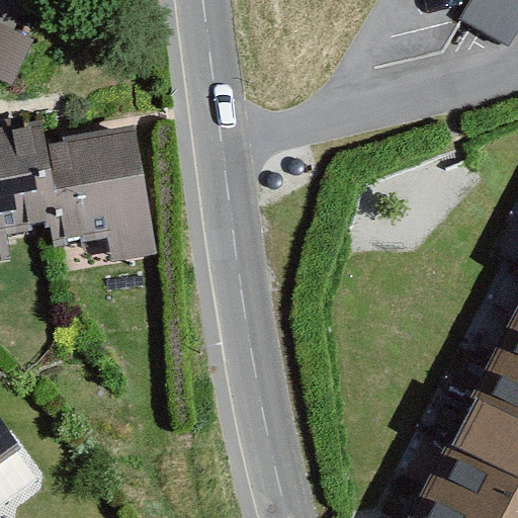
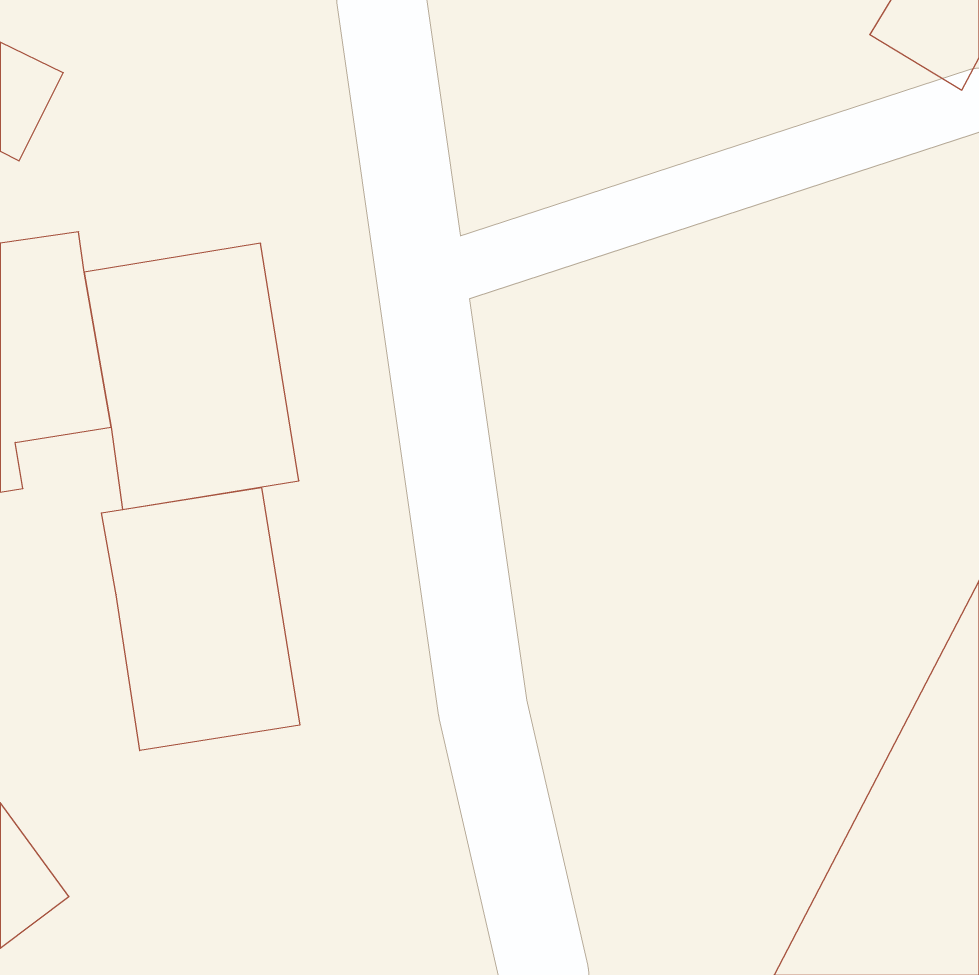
building: none -> [101,487,300,751]

